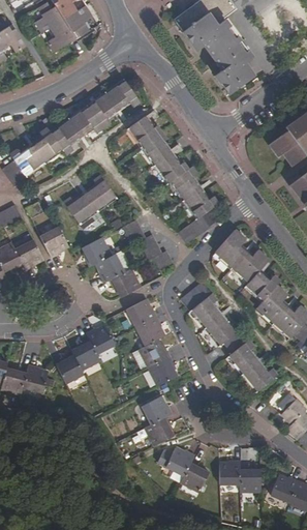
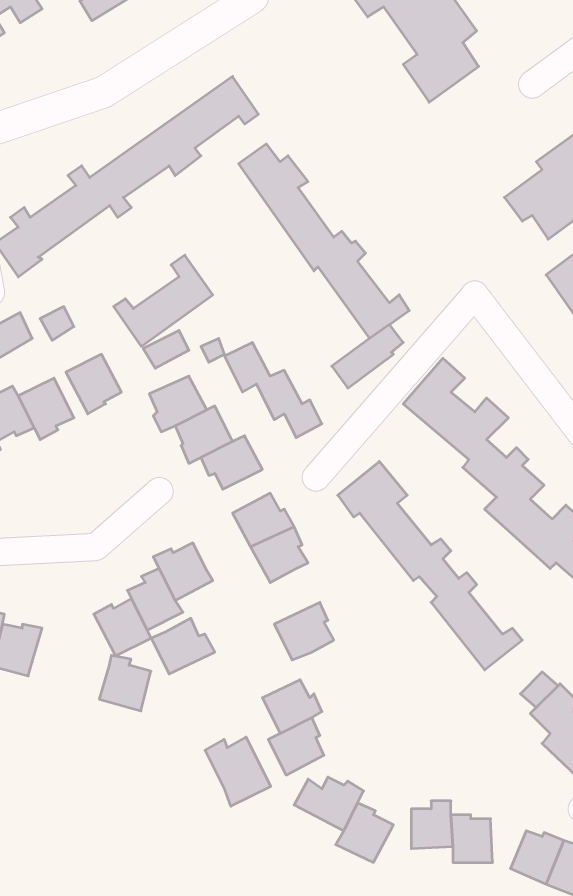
building: [139,338,172,367] -> [151,618,215,674]
building: [22,364,49,393] -> [99,655,151,711]
building: none -> [205,737,271,806]

